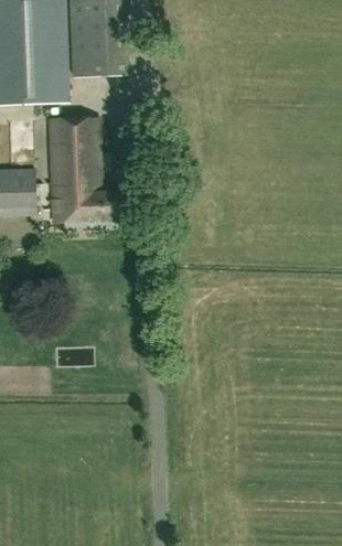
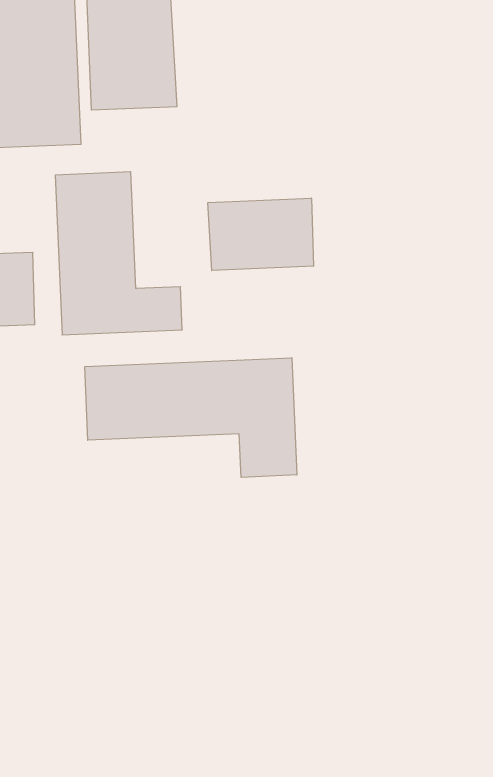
building: none -> [208,198,313,271]
building: none -> [85,358,297,477]

